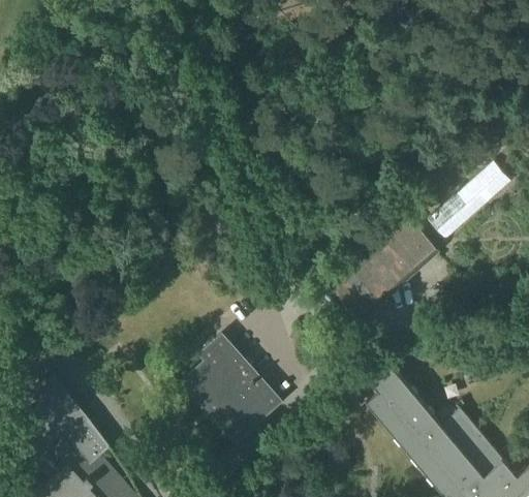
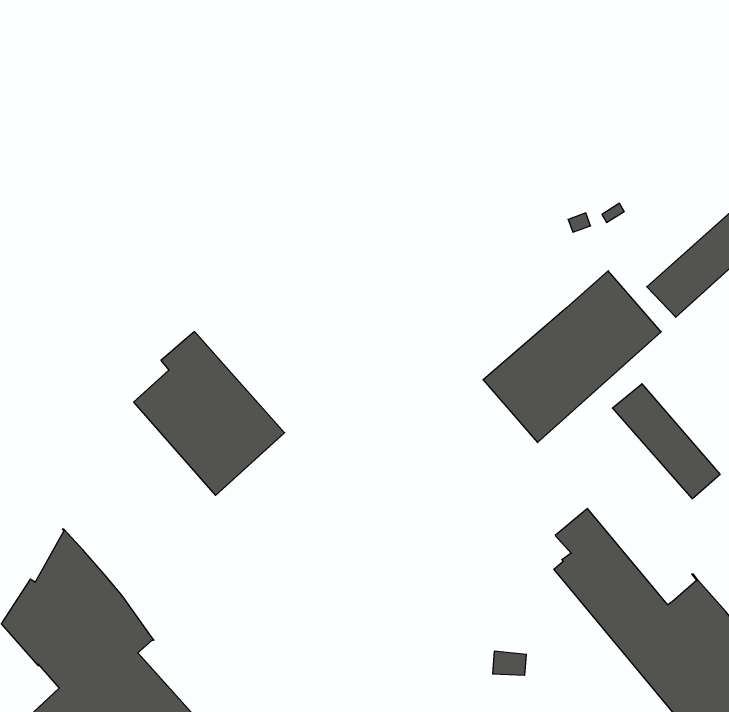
building: none -> [613,384,720,499]
building: [183,336,280,441] -> [134,332,285,495]

